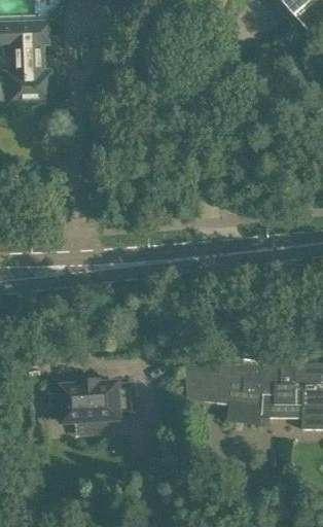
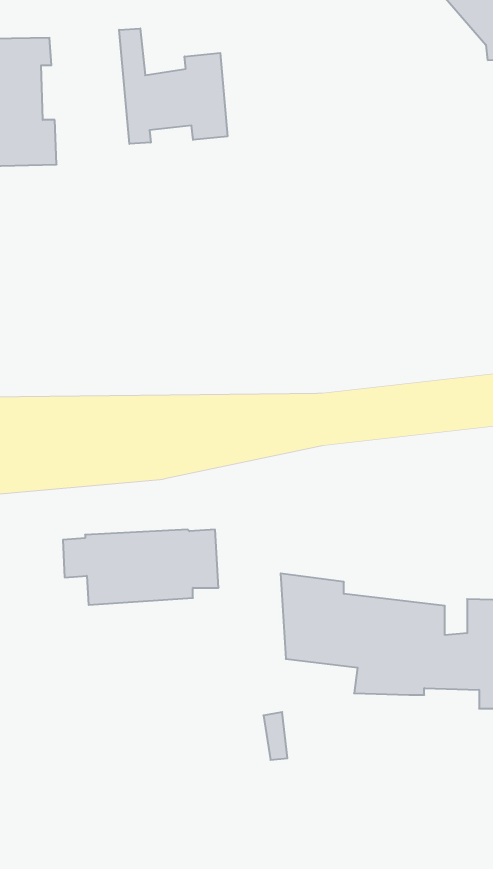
building: none -> [119,28,227,144]
building: [43,385,137,430] -> [63,530,219,605]

